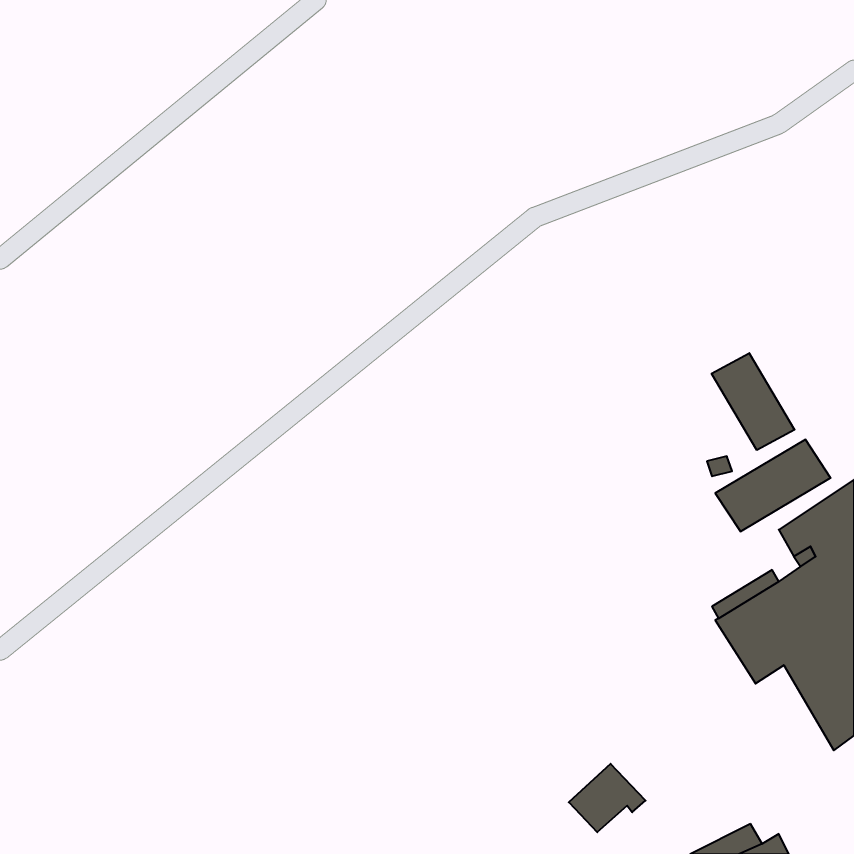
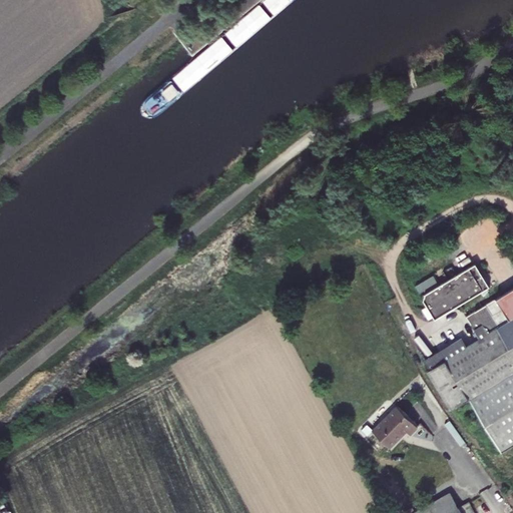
building: [712,353,795,450] -> none
building: [569,764,646,832] -> [372,406,418,447]

